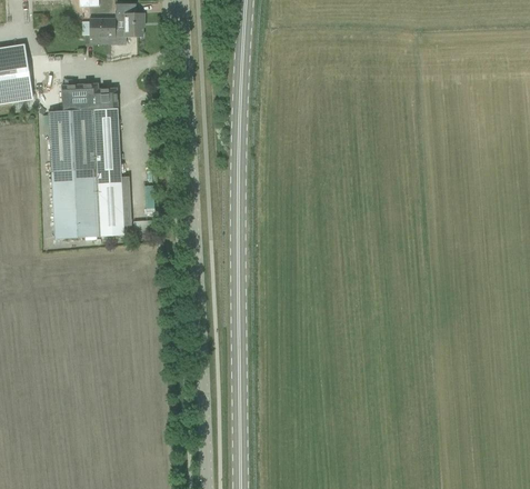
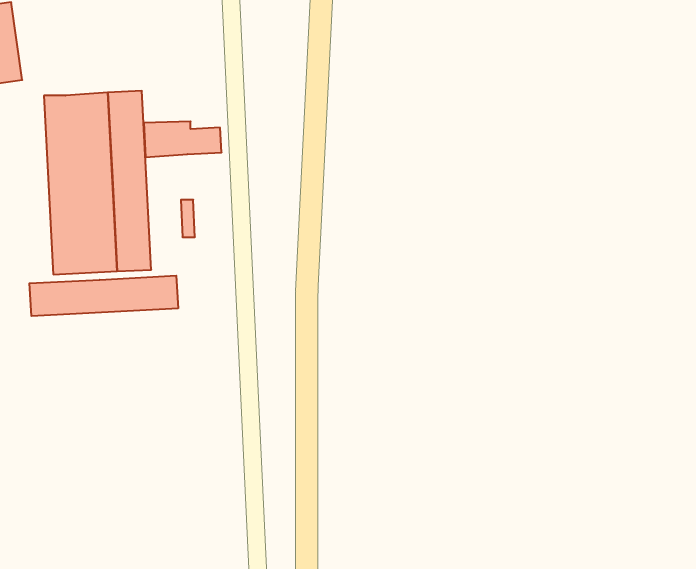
building: [61,86,117,111] -> [144,121,222,157]
building: none -> [29,276,178,316]

